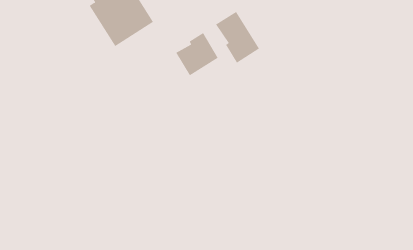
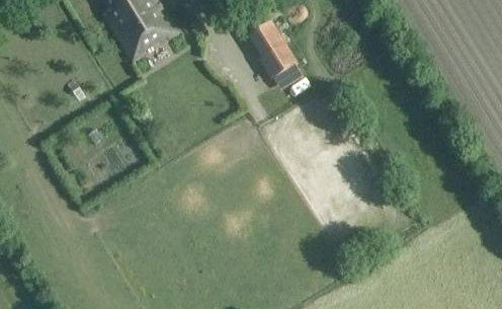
building: [175,32,219,76] -> none

